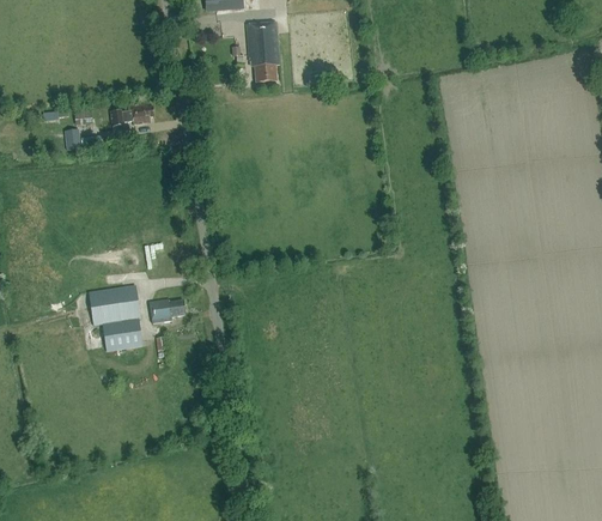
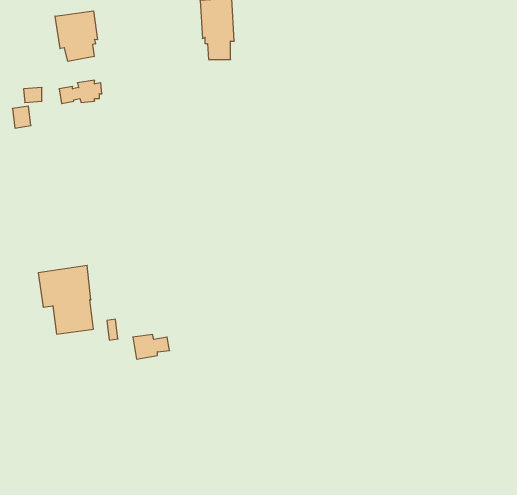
building: none -> [55,11,97,61]
building: [147,299,183,323] -> [133,335,170,359]

